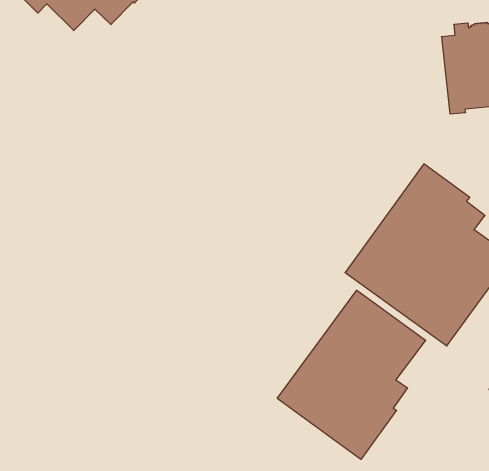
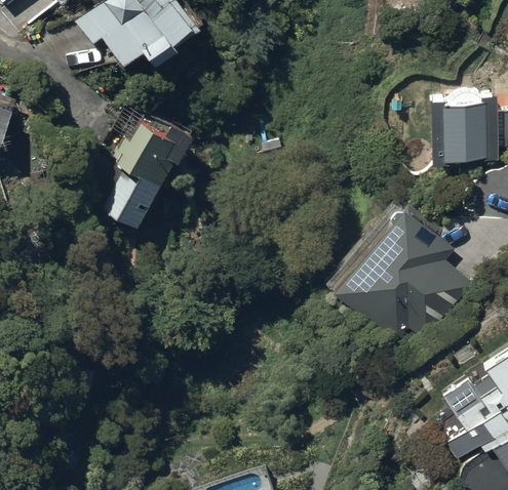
building: none -> [92,118,191,232]
building: [277,290,426,459] -> none

